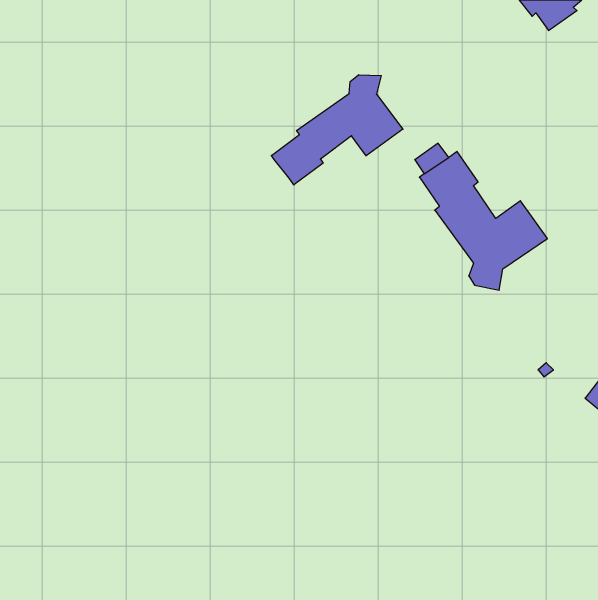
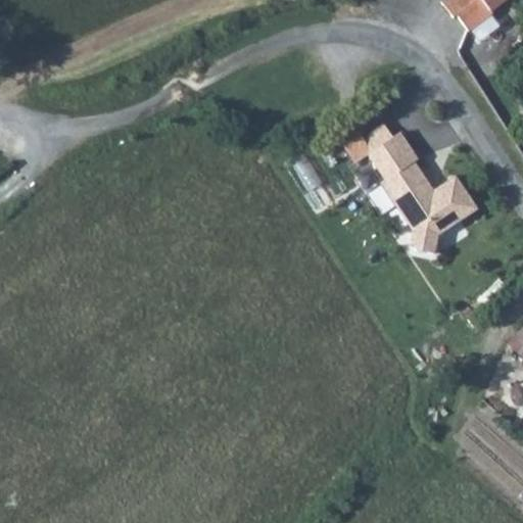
building: [271,75,403,185] -> none

